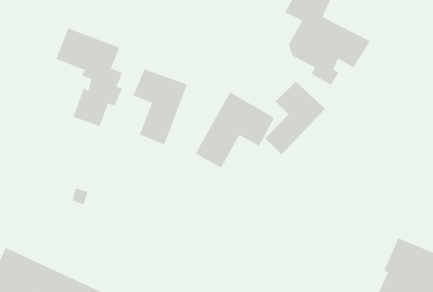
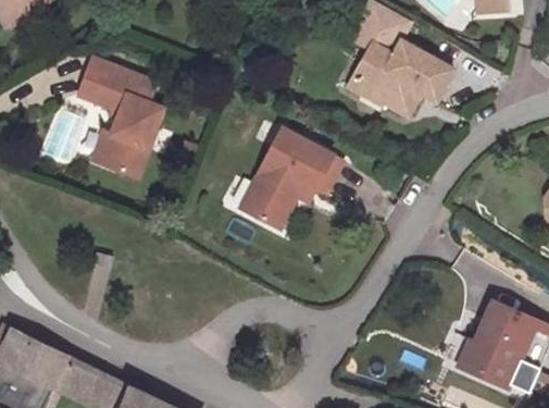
building: [133,68,187,145] -> none
building: [265,81,326,155] -> none

